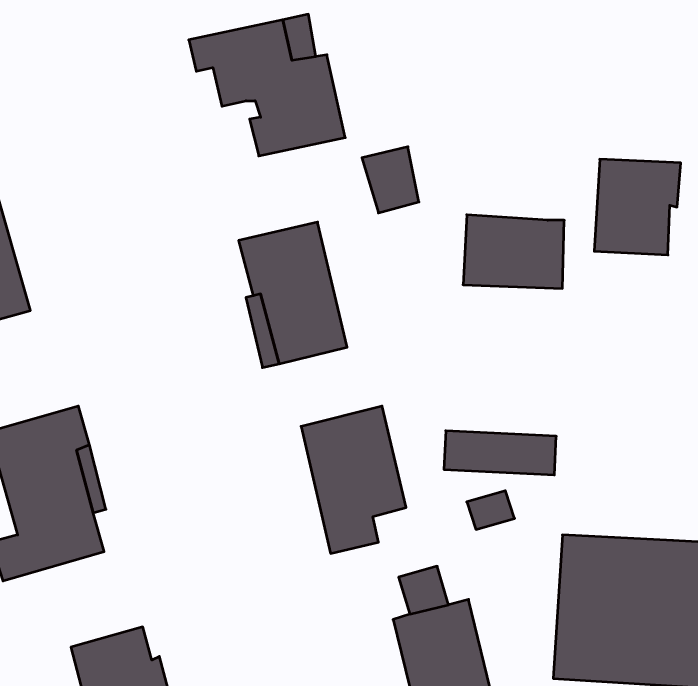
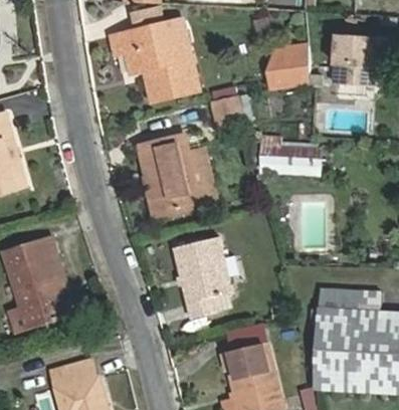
building: none -> [267,41,309,87]
building: [594,159,681,255] -> [331,32,378,84]
building: [444,431,556,475] -> [318,286,379,311]

